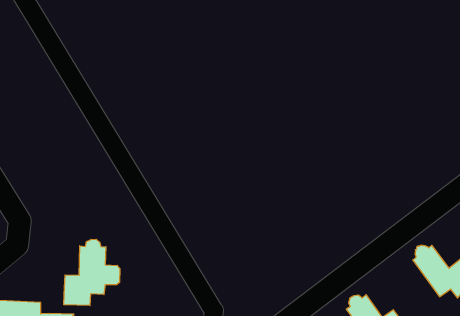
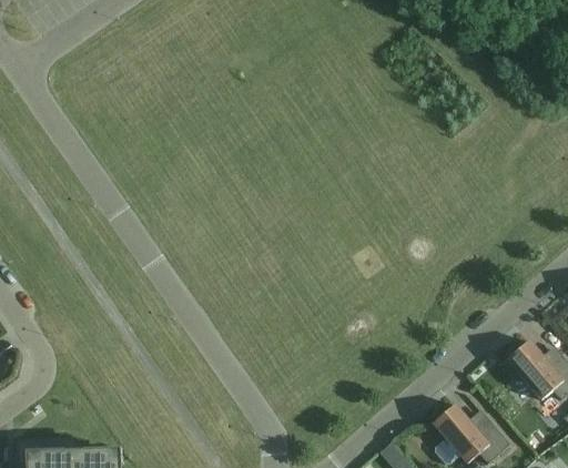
building: [64,239,120,306] -> none

